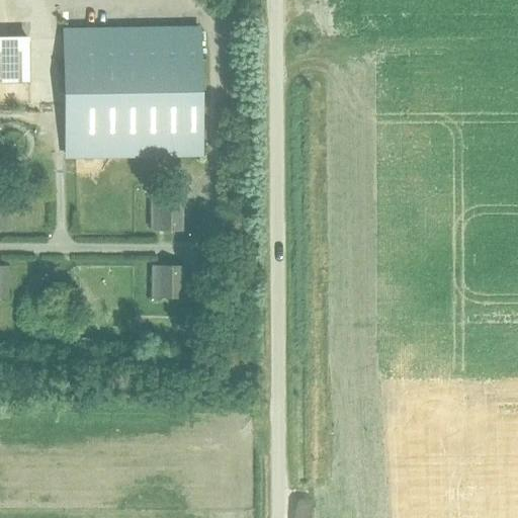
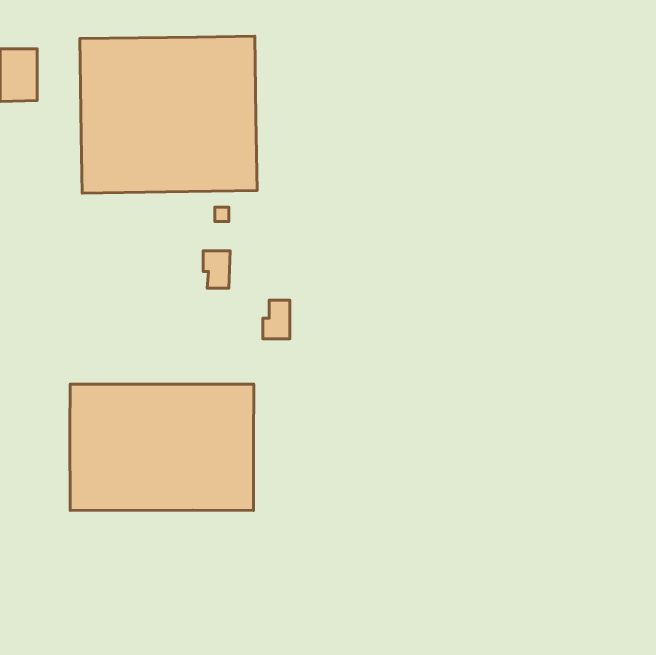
building: [160,264,181,294] -> [263,300,290,339]
building: none -> [70,384,254,511]

